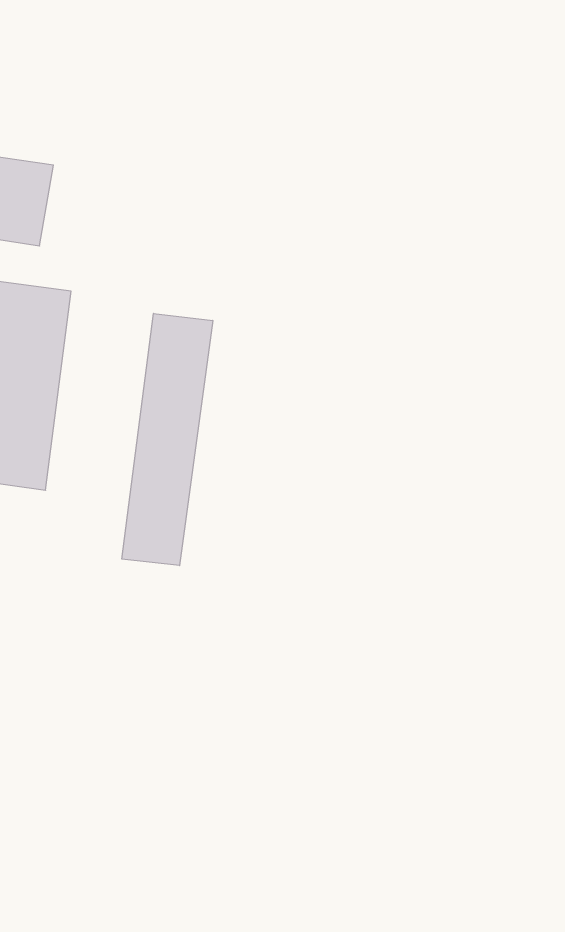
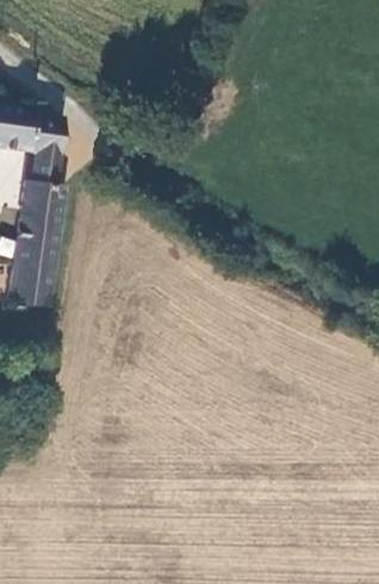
building: [122,313,213,566] -> none

